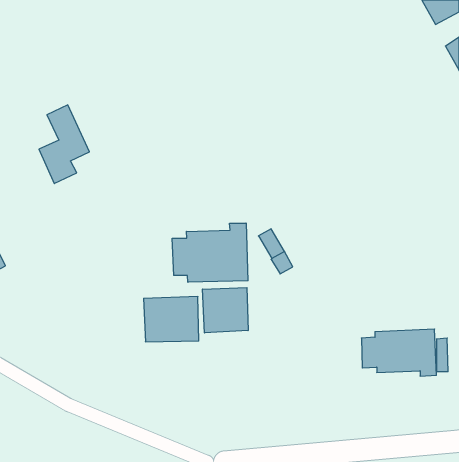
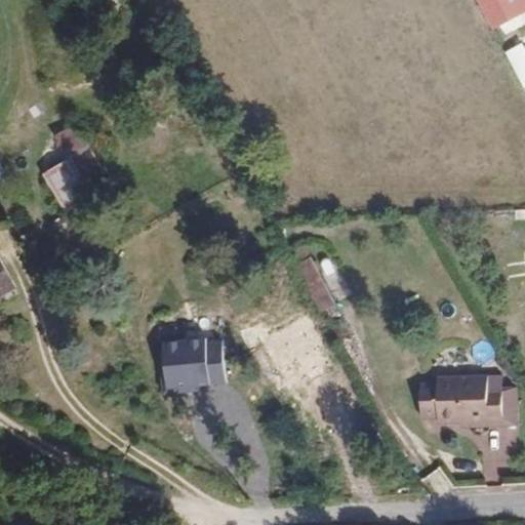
building: [172,223,248,282] -> none
building: [203,288,248,333] -> none

